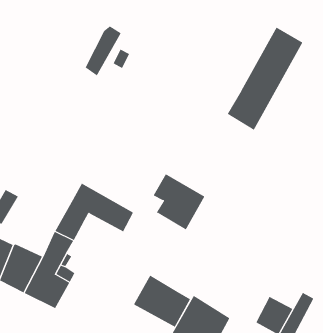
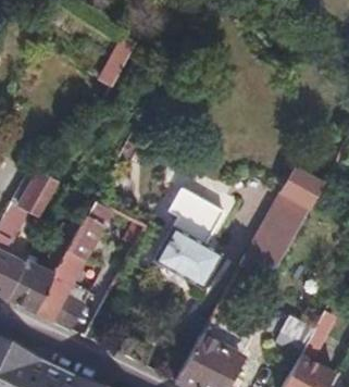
building: [227,27,303,131] -> [245,164,324,272]
building: none -> [16,168,59,216]
building: [133,275,191,327] -> [158,228,217,283]

